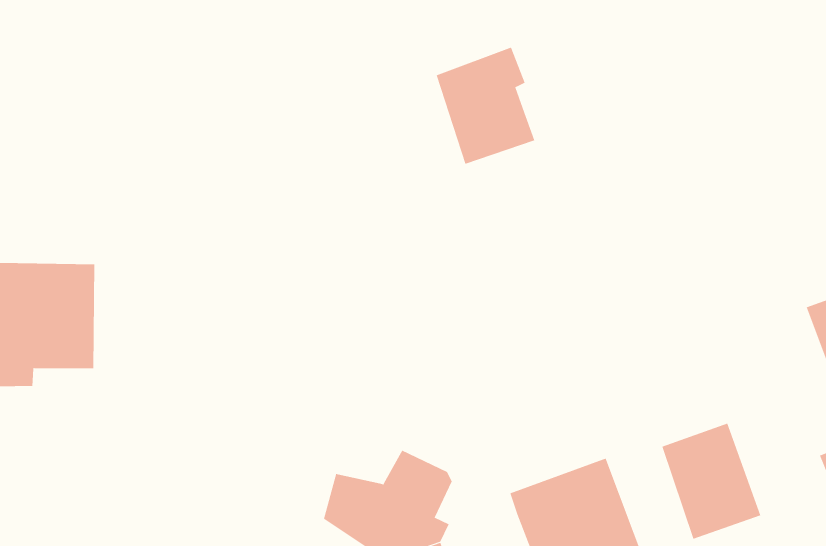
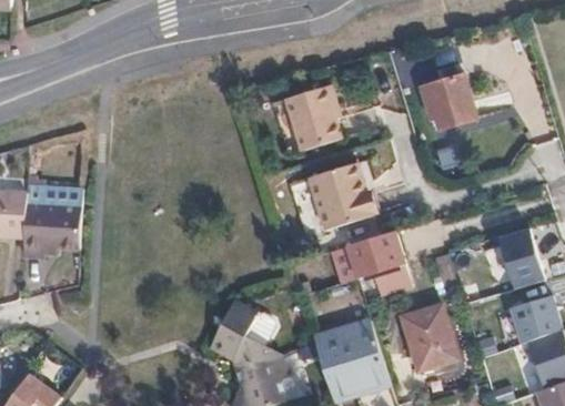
building: none -> [423,73,473,129]
building: none -> [293,155,371,227]
building: none -> [327,231,411,295]

